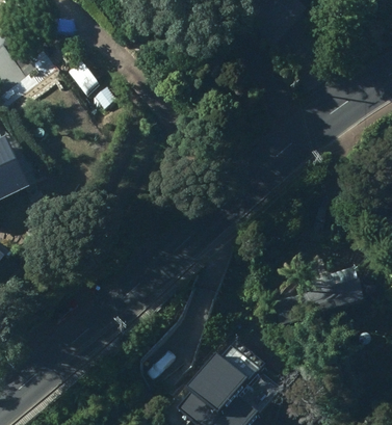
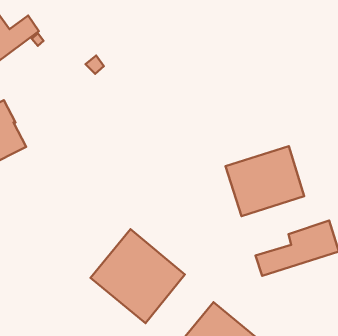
building: none -> [226,146,304,216]
building: none -> [90,229,185,323]

